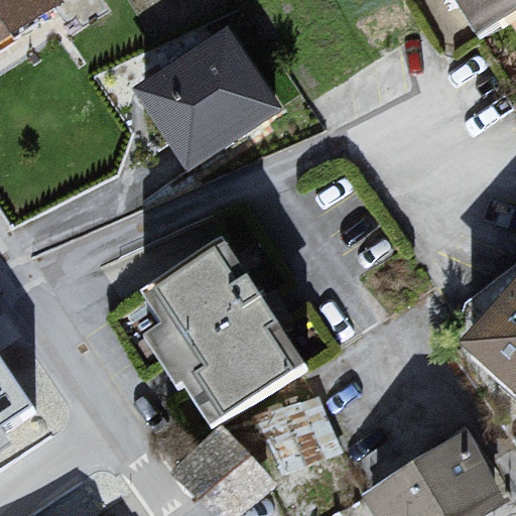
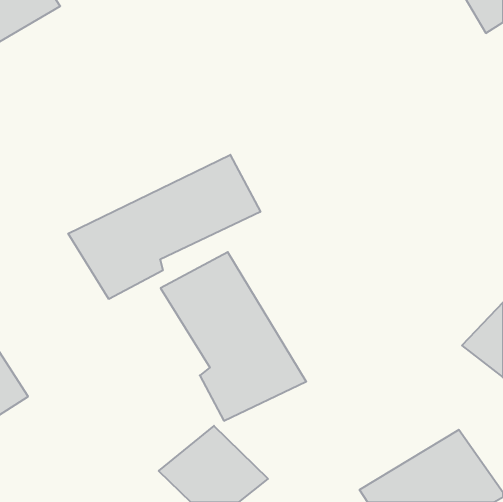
building: [129,29,273,171] -> none
building: none -> [68,155,260,299]

